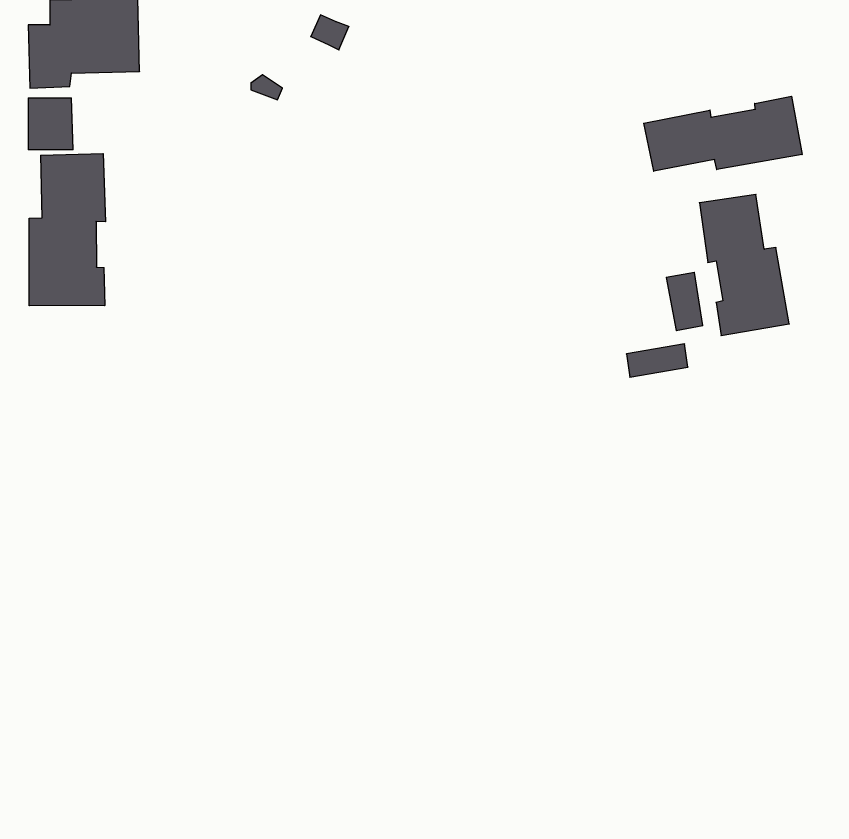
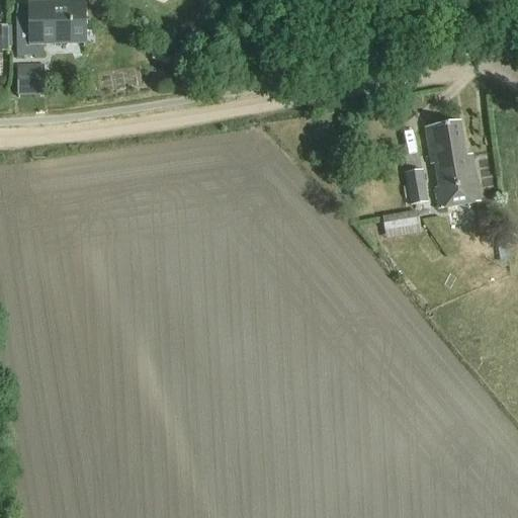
building: [644,96,802,171] -> none
building: [29,154,105,306] -> none

